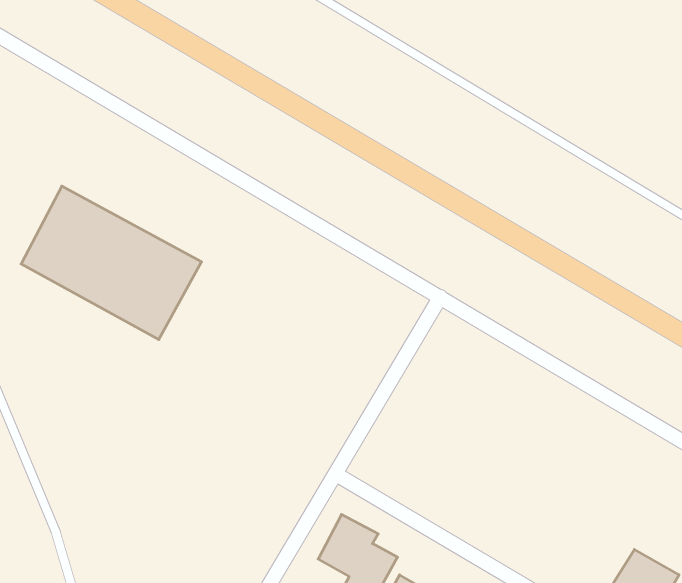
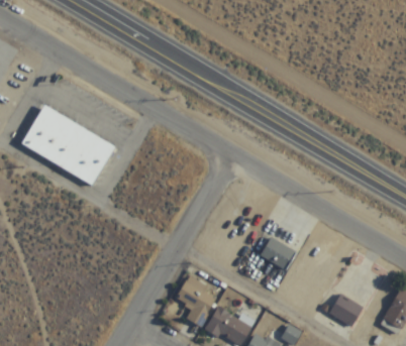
building: none -> [260,236,297,271]

